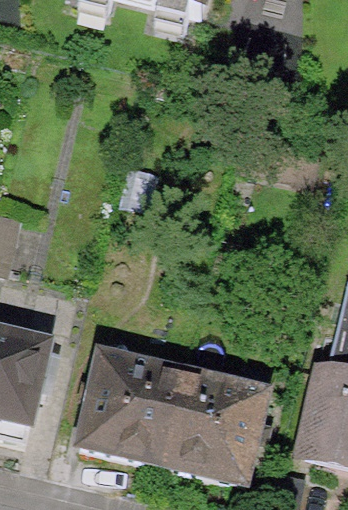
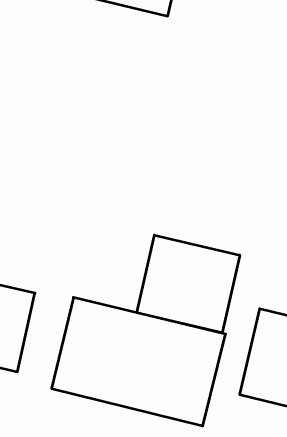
building: none -> [137,235,240,333]

